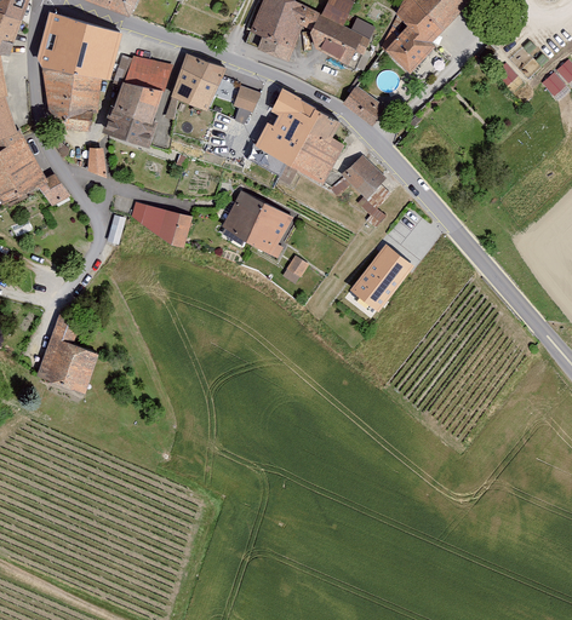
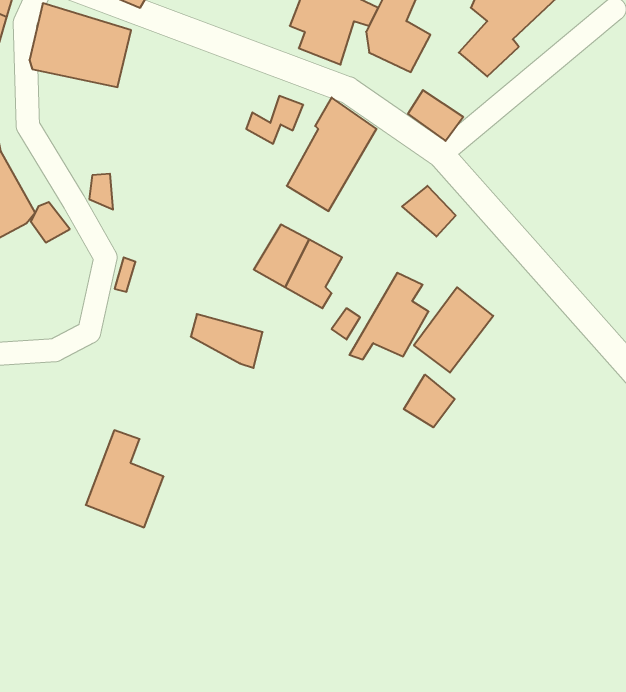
building: [108,53,175,147] -> none
building: [173,56,223,109] -> none
building: [41,64,110,130] -> none
building: [281,113,345,183] -> [349,273,429,359]
building: [133,202,191,246] -> [191,314,263,368]
building: none -> [404,375,455,427]
building: [35,315,98,394] -> [86,430,164,527]

